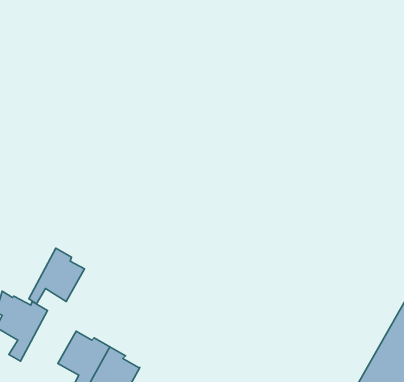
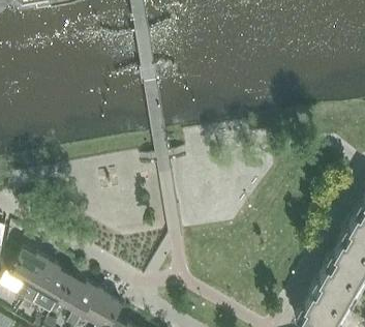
building: [29,248,84,304] -> [27,260,71,304]

